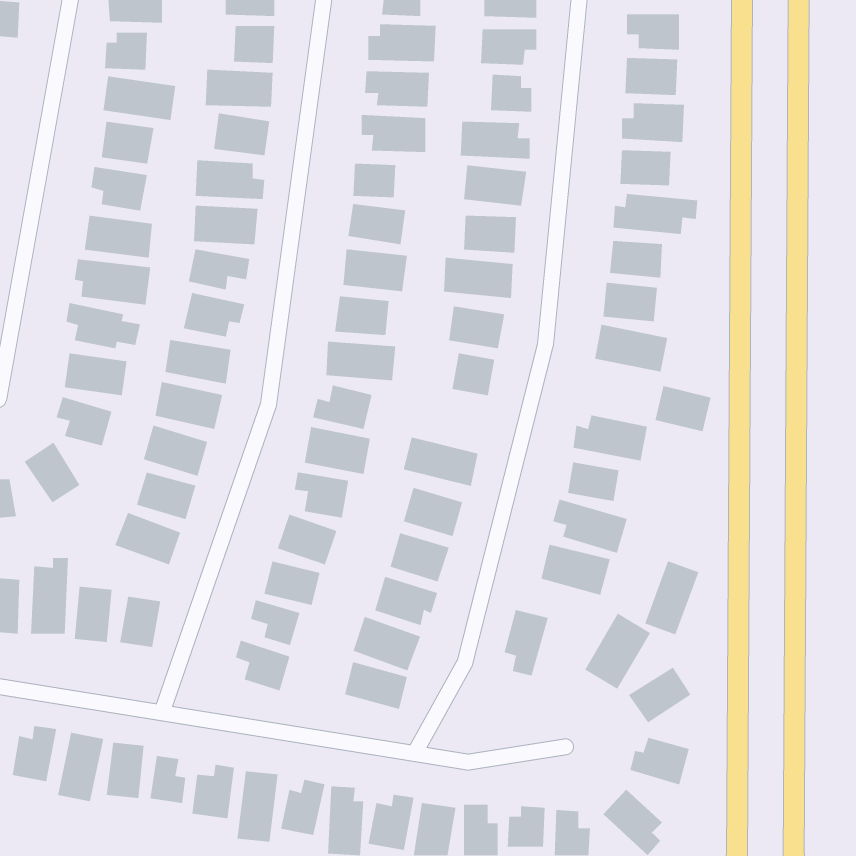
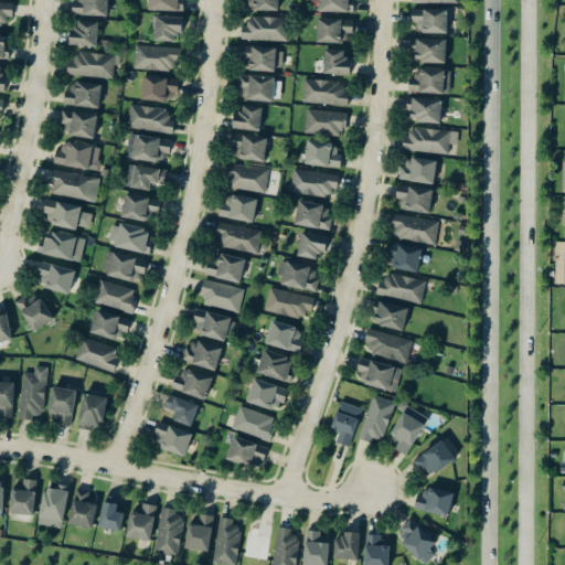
building: [654,385,711,432] -> [384,242,422,273]
building: none -> [277,262,319,290]
building: [644,560,699,636] -> [359,394,395,444]

